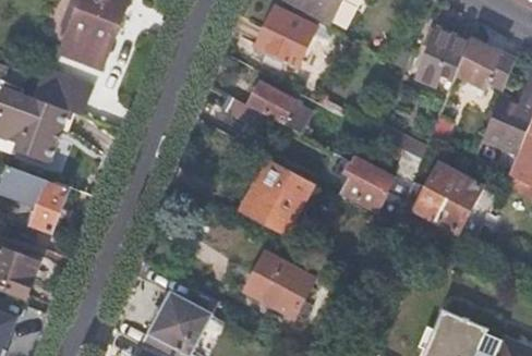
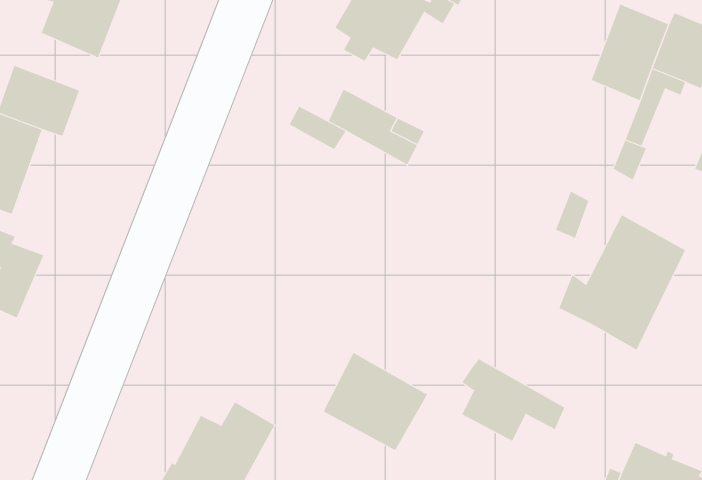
building: [347,157,413,210] -> [462,358,565,442]
building: [242,160,315,234] -> none

